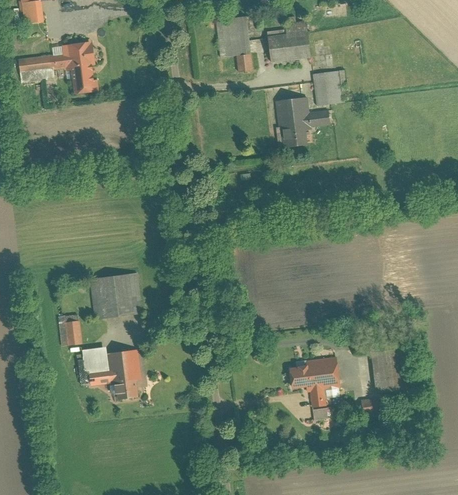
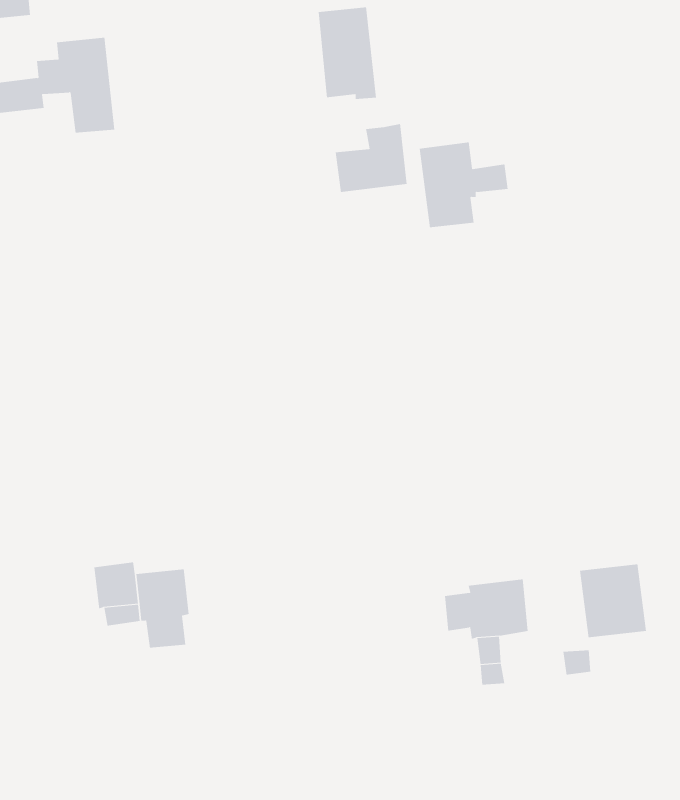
building: [267,21,310,62] -> [335,123,408,193]
building: [313,70,344,105] -> none
building: [89,271,142,318] -> none
building: [59,319,81,345] -> none

